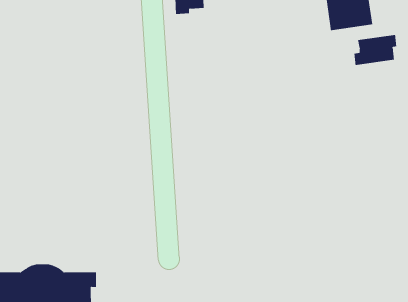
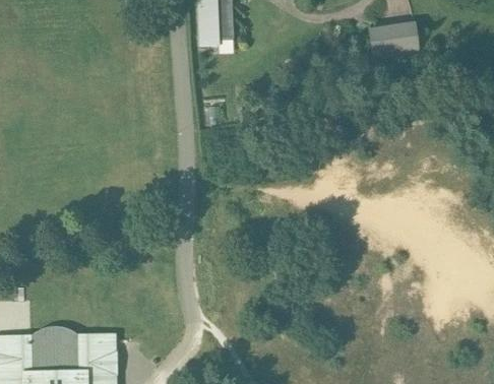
building: [354,34,397,66] -> none

